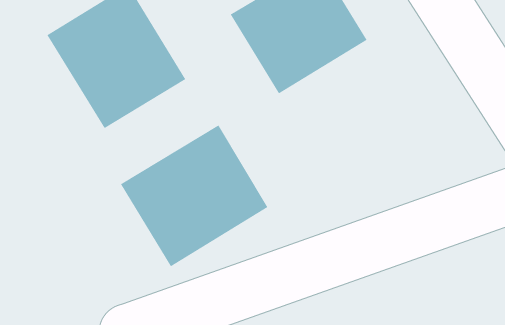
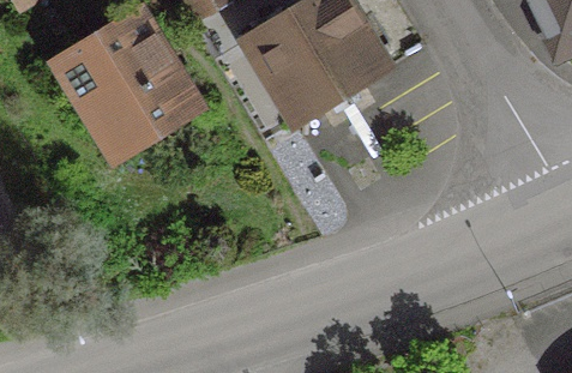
building: [120,125,268,267] -> none

